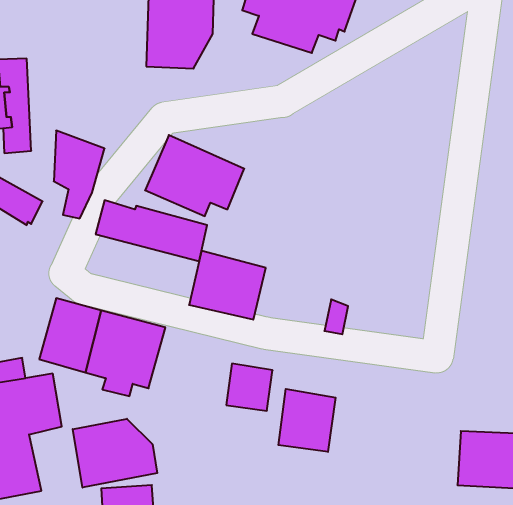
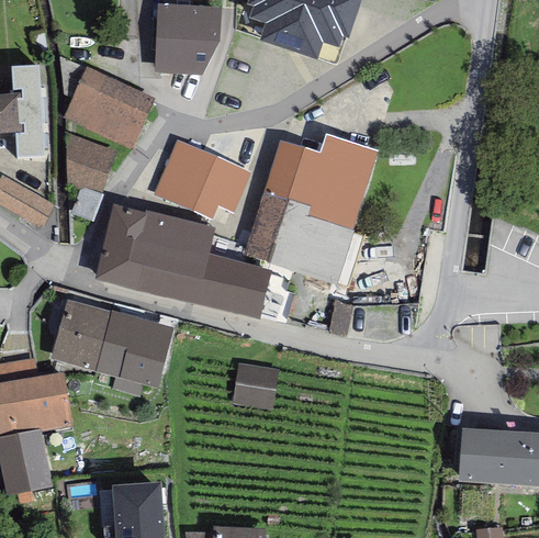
building: none -> [63,69,154,149]
building: none -> [244,133,378,284]
building: none -> [96,236,206,305]
building: [278,389,336,452] -> none
building: [73,419,157,488] -> none

